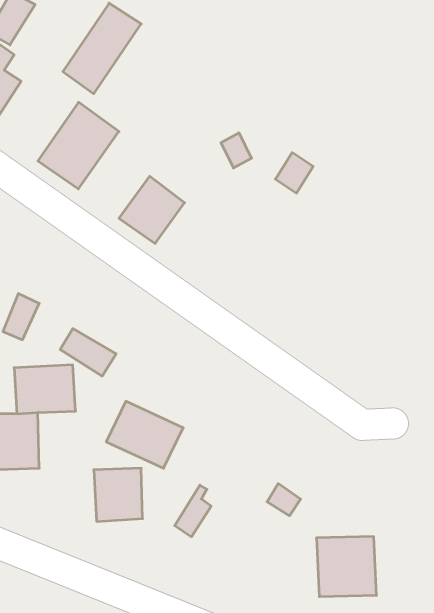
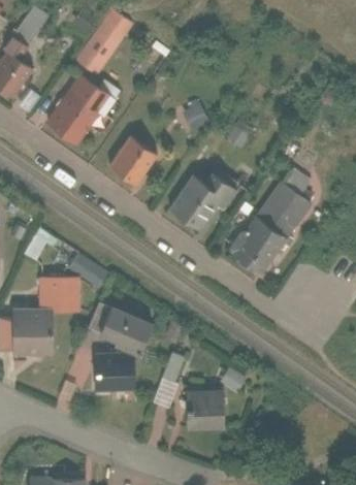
building: none -> [169,169,240,232]
building: none -> [230,182,315,277]
building: [316,537,377,597] -> [181,387,225,431]

